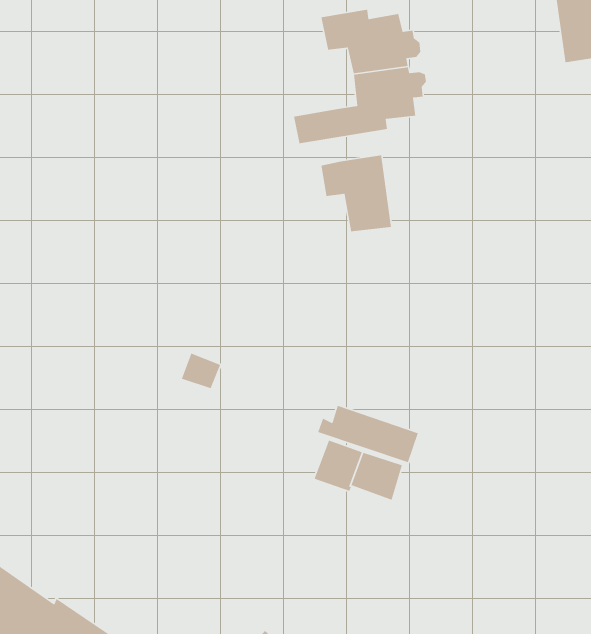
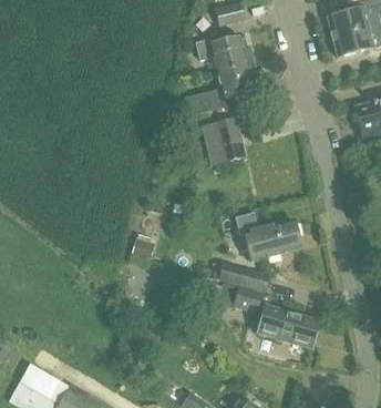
building: none -> [235,213,301,262]
building: none -> [255,305,319,348]

